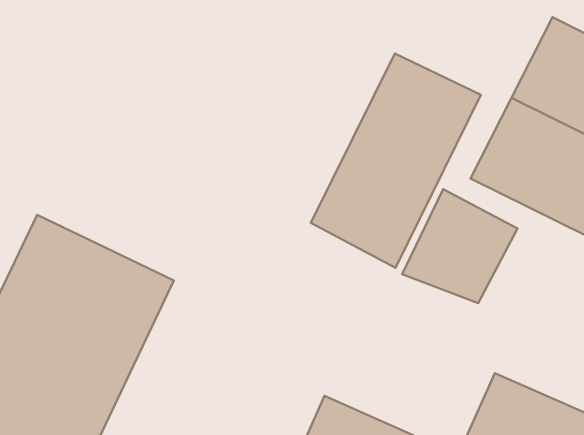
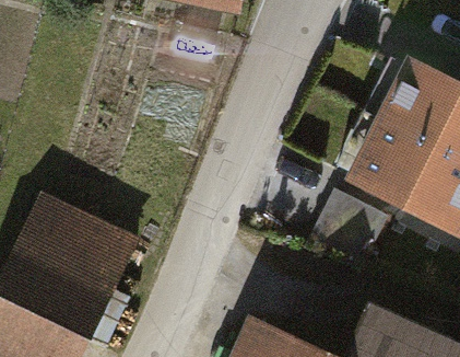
building: [311,54,481,268] -> none

